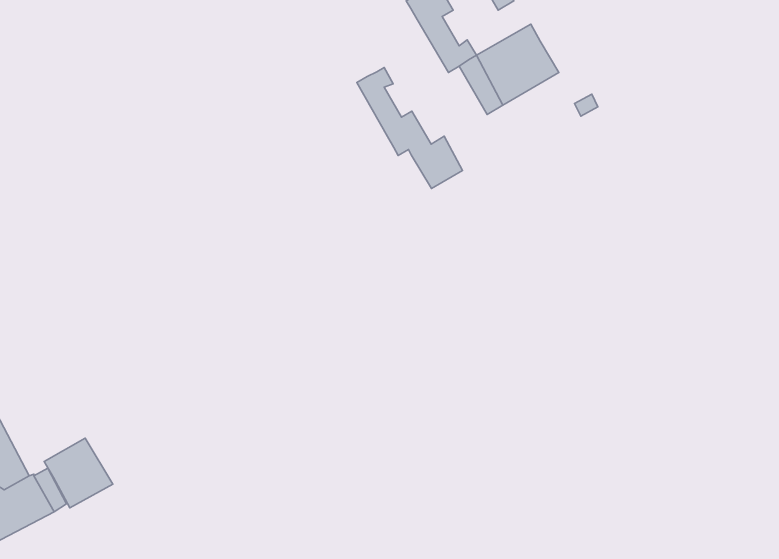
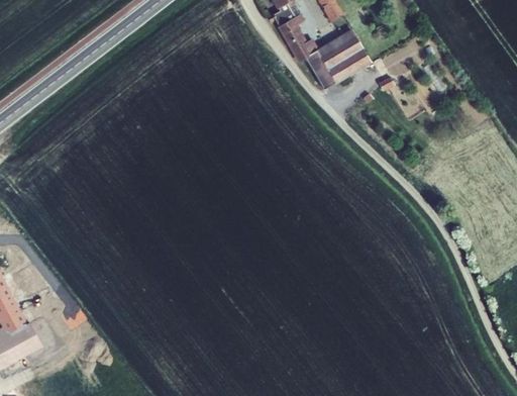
building: [357,68,463,188] -> none
building: [44,438,113,508] -> none

